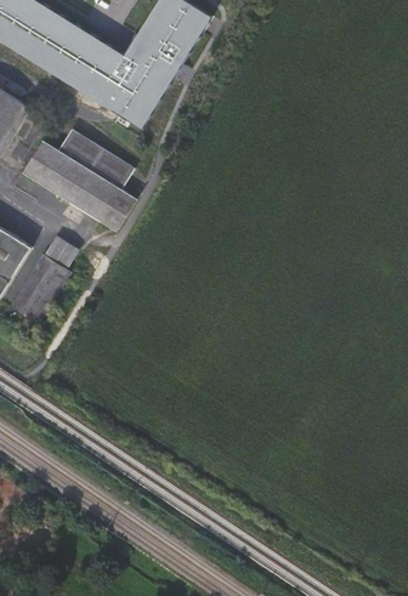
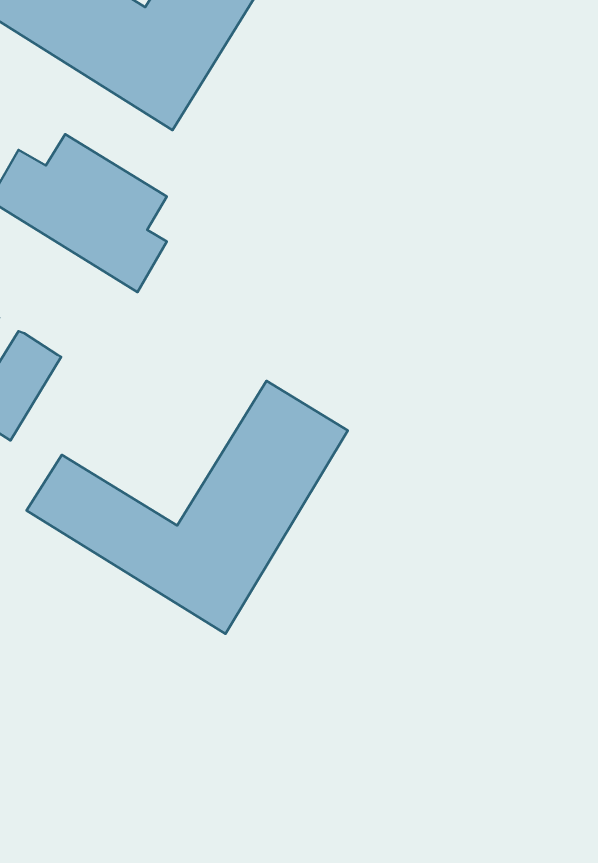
building: [47,237,79,269] -> none
building: none -> [26,381,348,634]

